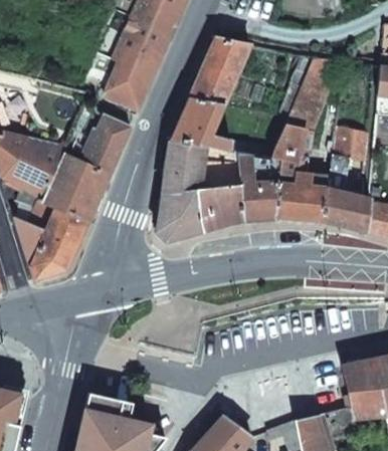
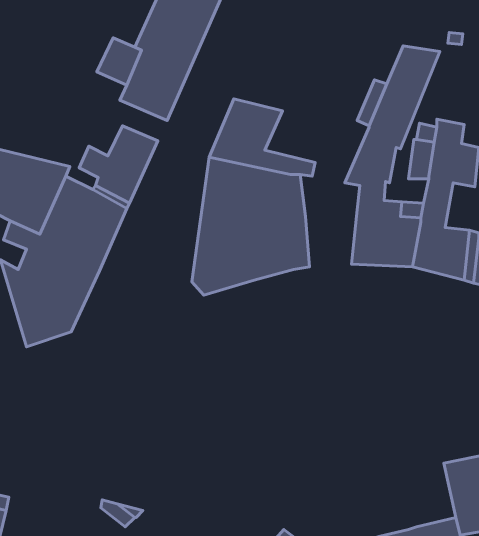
building: [187,36,250,105] -> none
building: [236,153,278,221] -> none

